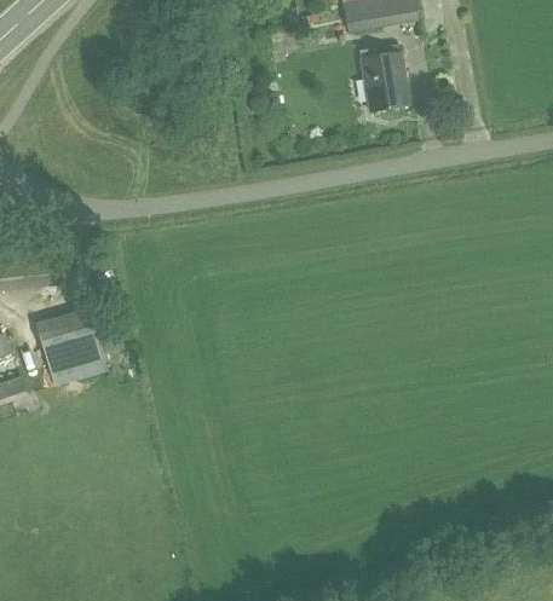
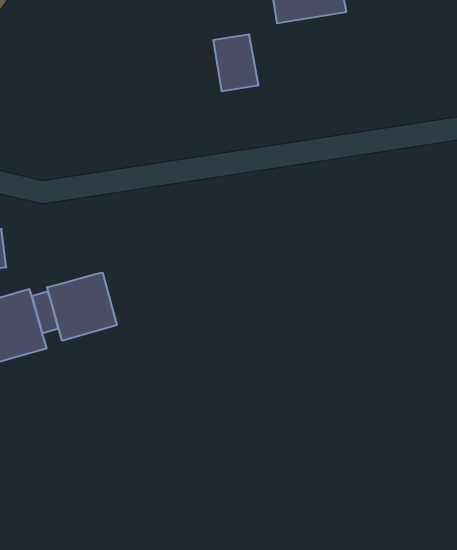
building: [361,51,408,110] -> [213,34,258,91]
building: none -> [47,273,117,341]

